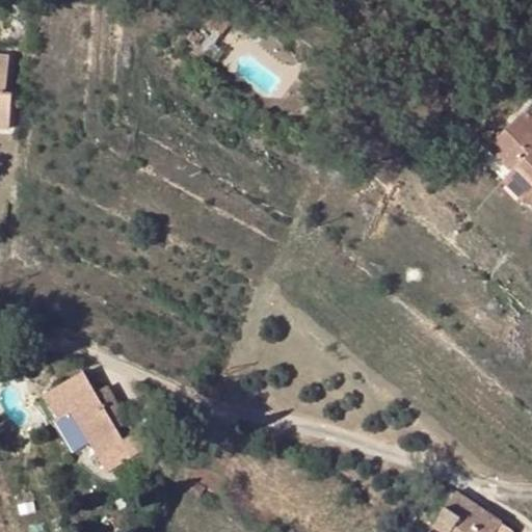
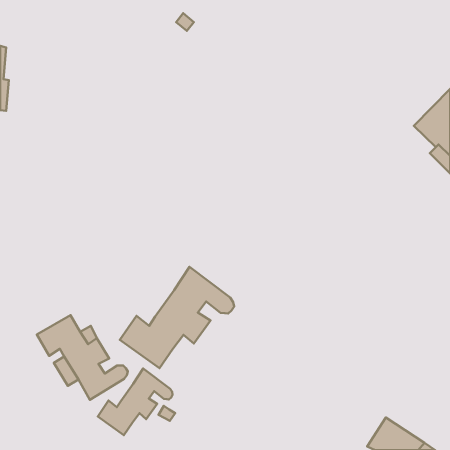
building: none -> [120,267,234,368]
building: none -> [98,369,173,435]

